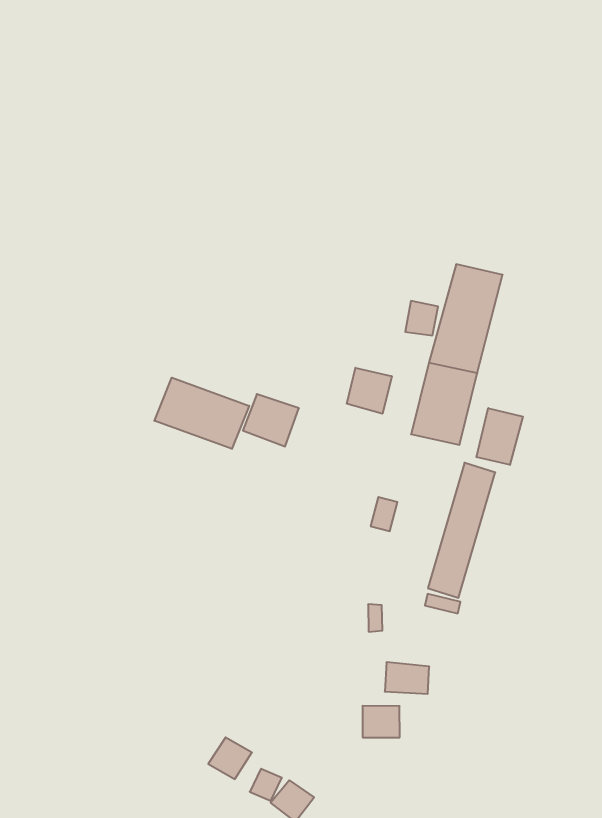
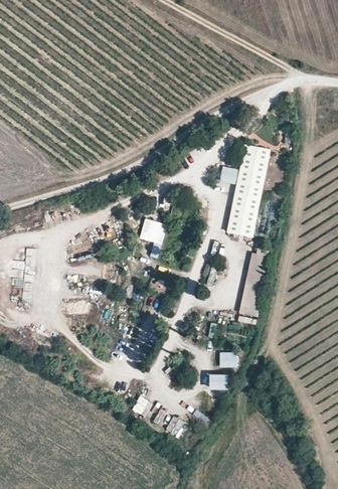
building: [347,368,392,414] -> none
building: [154,378,249,449] -> none
building: [477,408,523,465] -> none

